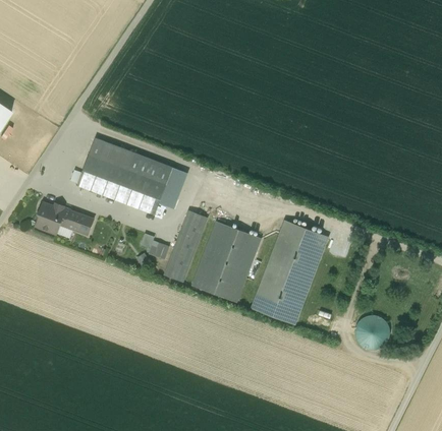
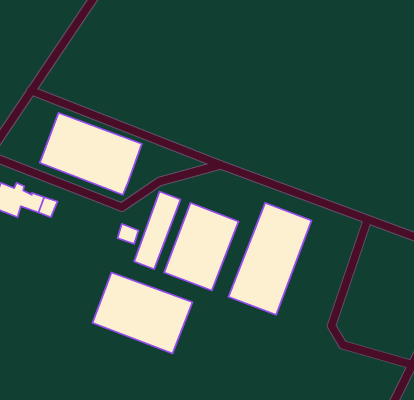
building: [158,167,187,208] -> none
building: none -> [93,272,192,353]
building: [354,315,389,350] -> none

